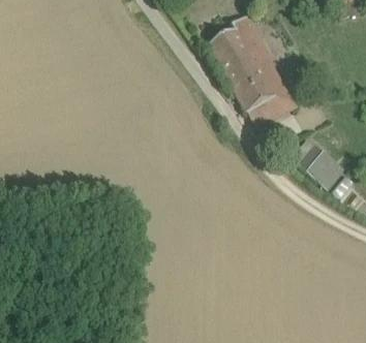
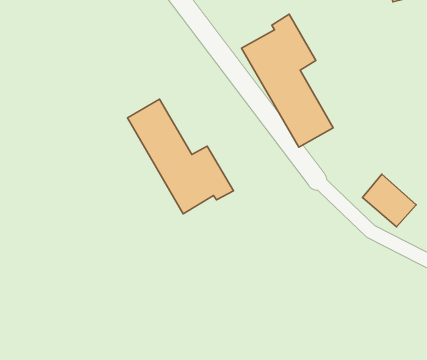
building: none -> [128,99,233,214]

